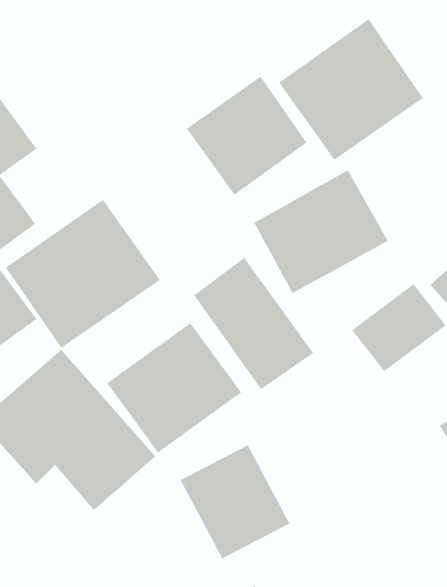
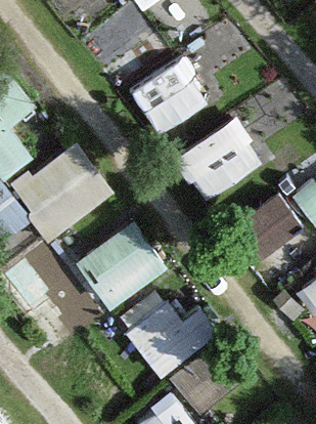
building: [278,18,424,161] -> none
building: [193,257,314,390] -> none

